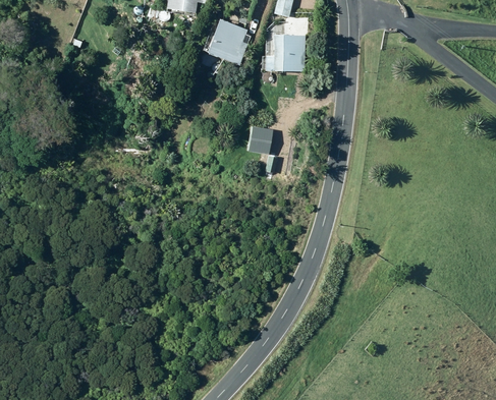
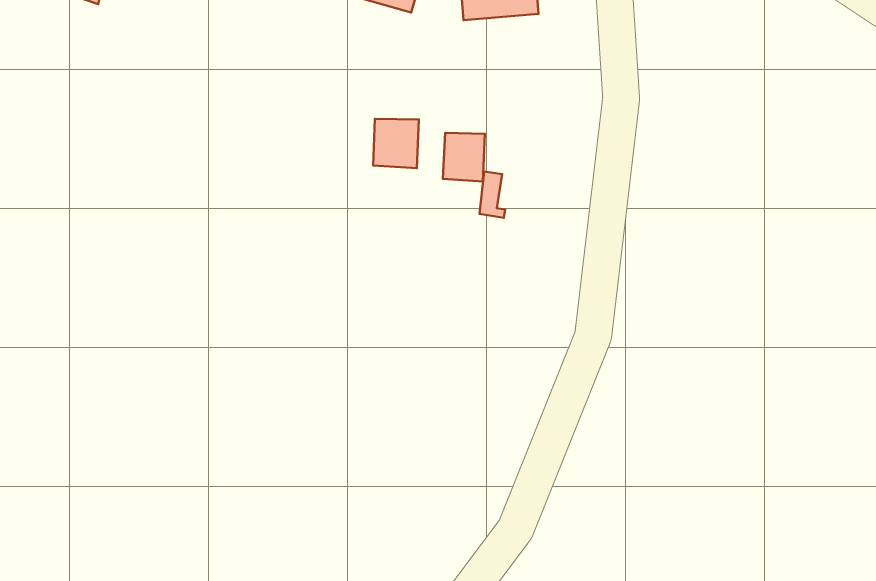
building: none -> [373,119,419,168]

